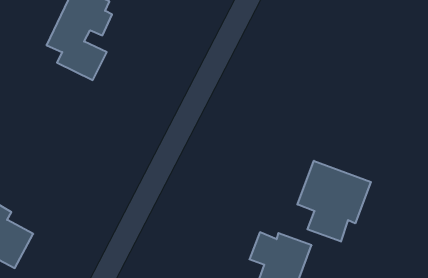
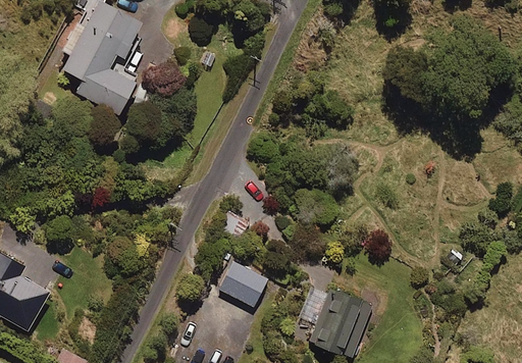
building: [297,161,371,242] -> none
building: none -> [217,260,267,307]

